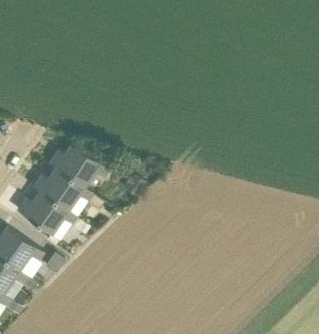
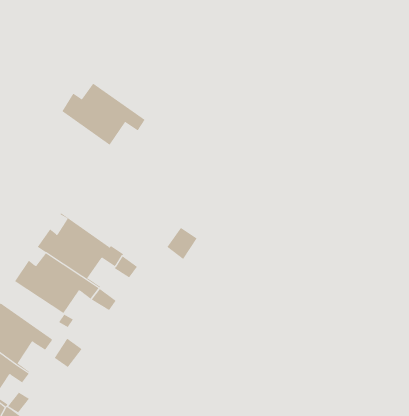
building: [49,143,108,188] -> [61,83,145,145]

